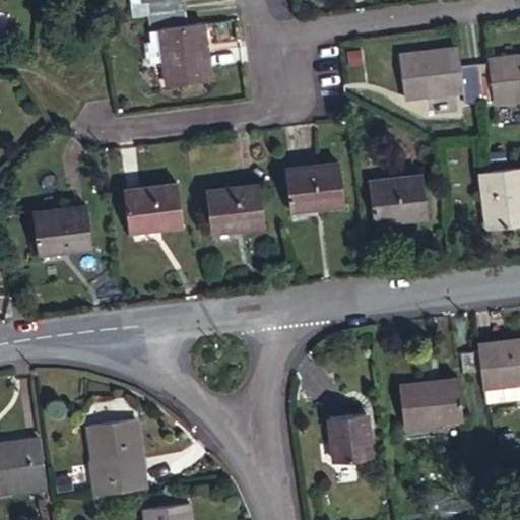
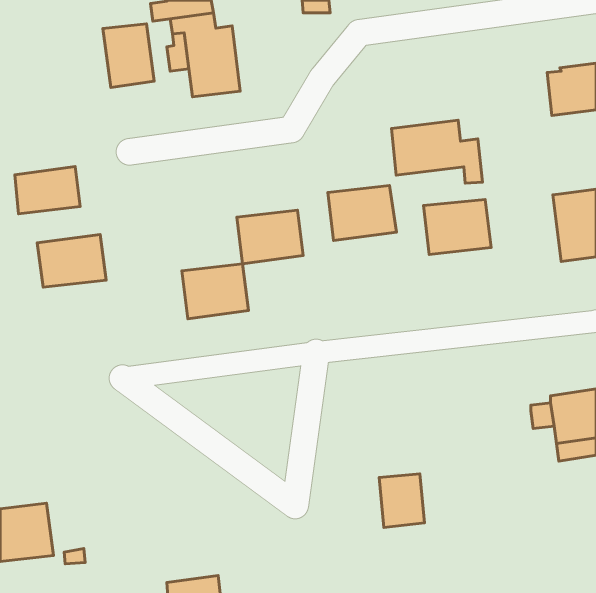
building: none -> [103,24,154,87]
building: [401,50,480,105] -> [392,120,483,183]
building: none -> [15,167,80,214]
building: [125,185,183,233] -> [182,264,248,319]
building: [400,379,463,428] -> none
building: [89,420,143,496] -> none

